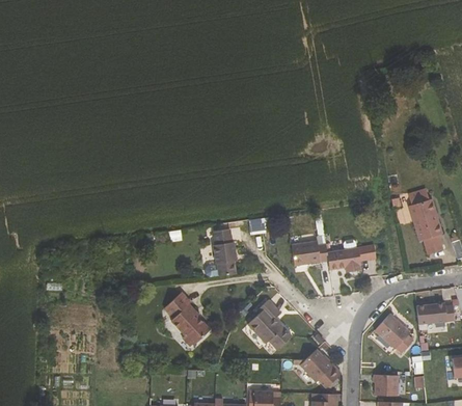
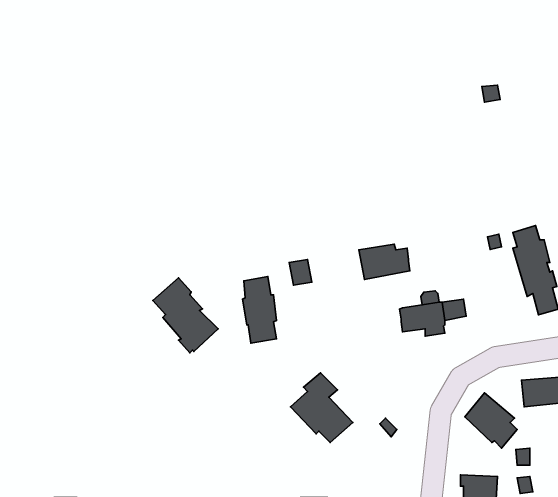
building: [291,240,328,266] -> [359,244,410,279]
building: [163,292,211,347] -> [153,278,218,353]
building: [293,349,334,382] -> none

